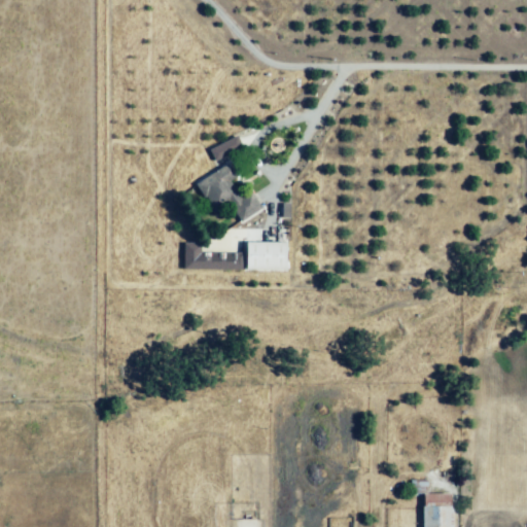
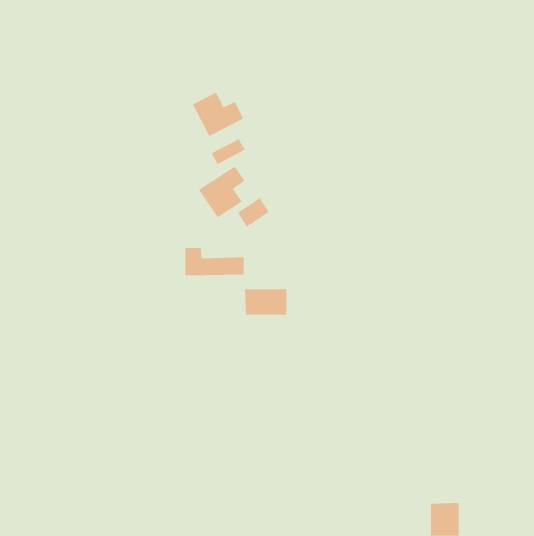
building: none -> [192,92,244,137]
building: [246,243,288,269] -> [244,289,287,315]

